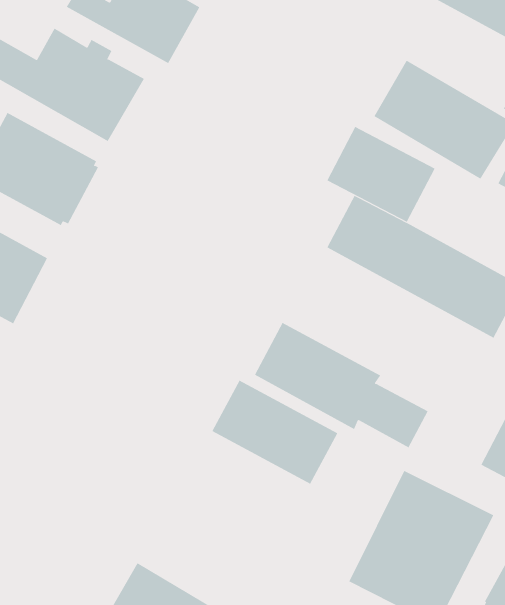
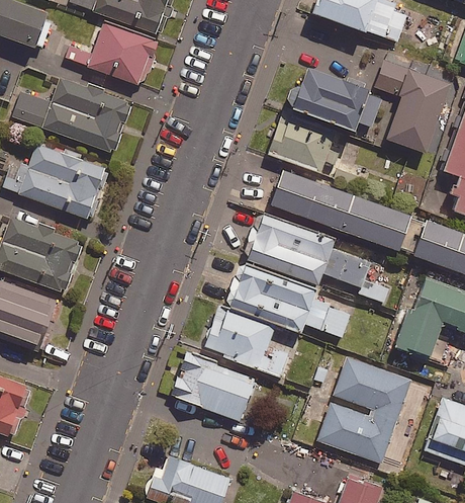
building: none -> [249,208,380,292]
building: none -> [183,356,263,423]

